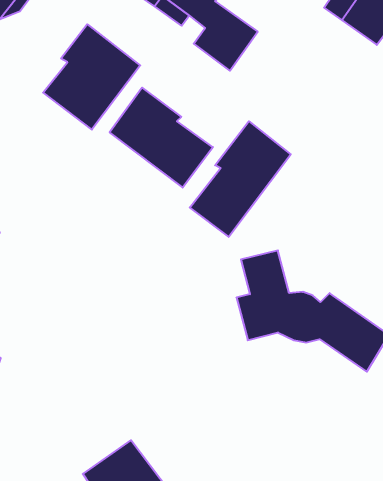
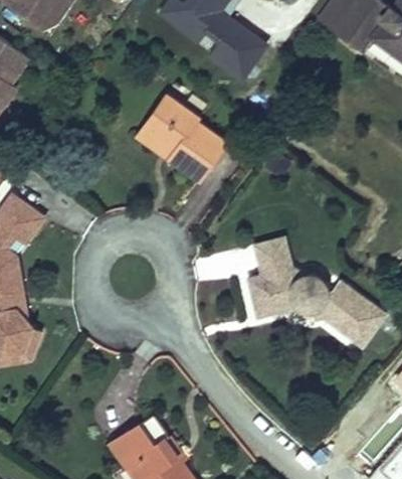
building: [43,24,140,130] -> none
building: [190,121,291,237] -> none

